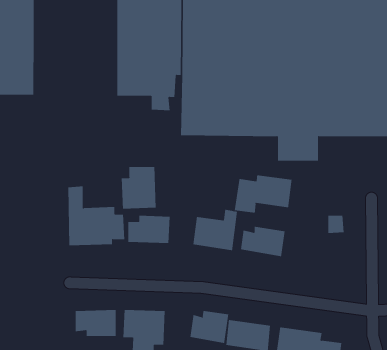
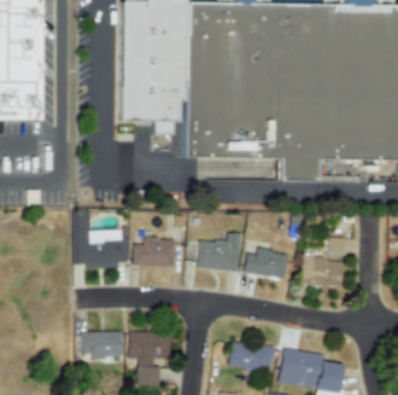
building: [121,166,156,210] -> none
building: [234,175,292,214] -> none
building: none -> [302,256,343,286]
building: [190,310,229,344] -> none

